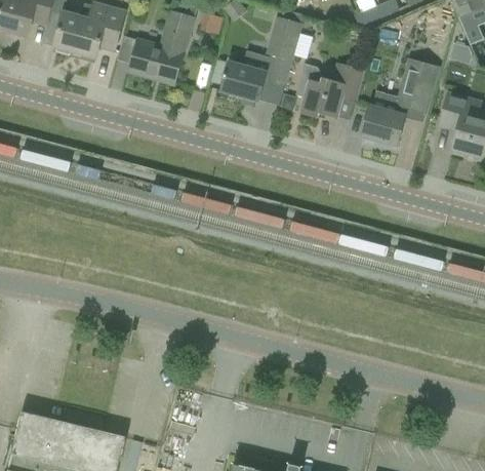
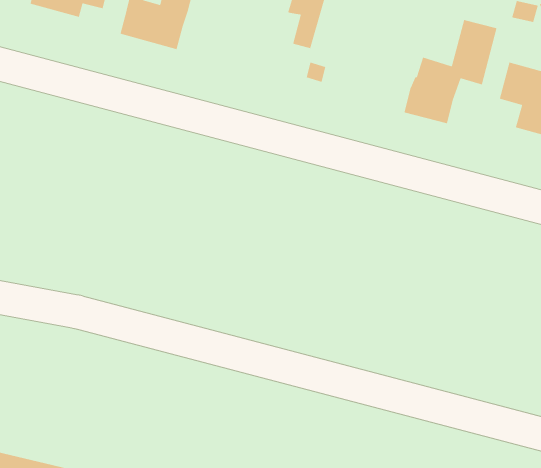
building: [220,51,276,102] -> none
building: [295,64,364,118] -> none

